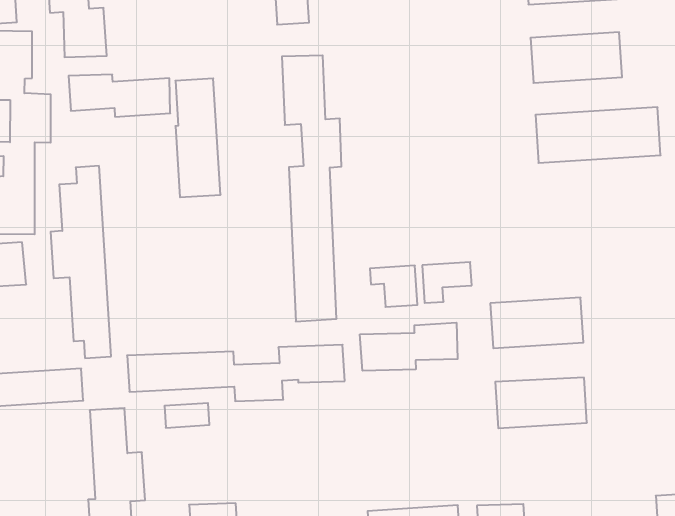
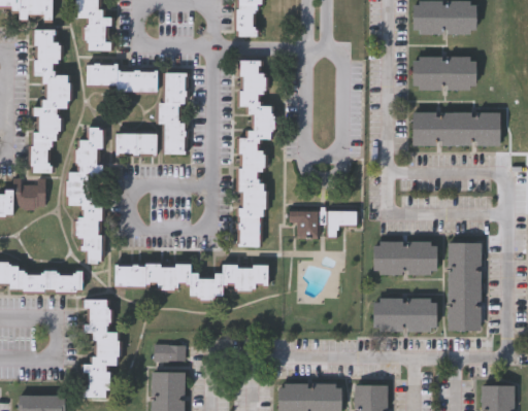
building: none -> [116,133,156,157]
building: none -> [449,242,481,331]
building: [360,323,458,371] -> none
building: [164,403,209,428] -> [156,345,187,361]

